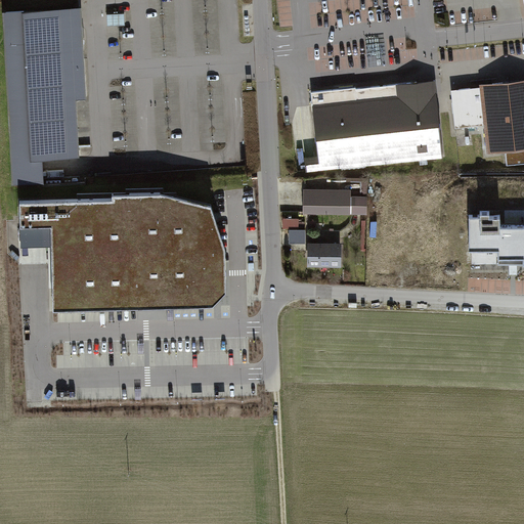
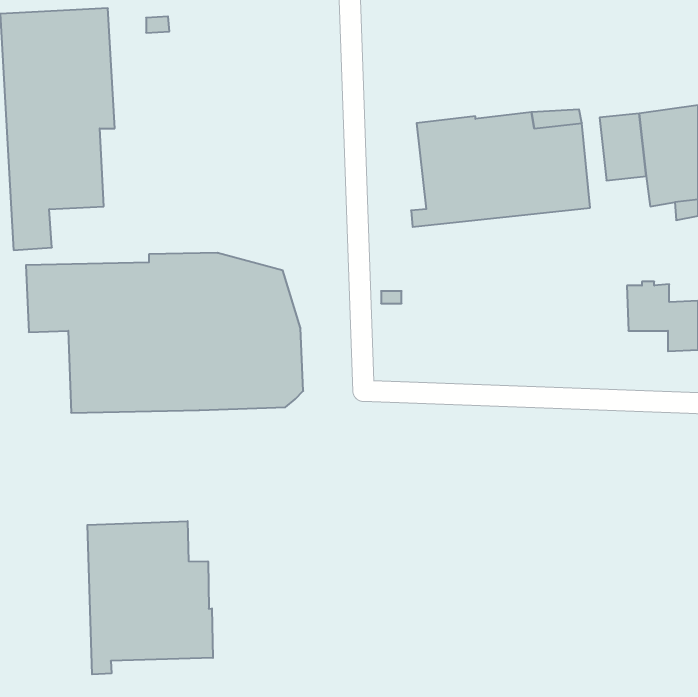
building: [302,187,367,216] -> none
building: [306,238,340,267] -> none
building: none -> [87,521,213,674]

